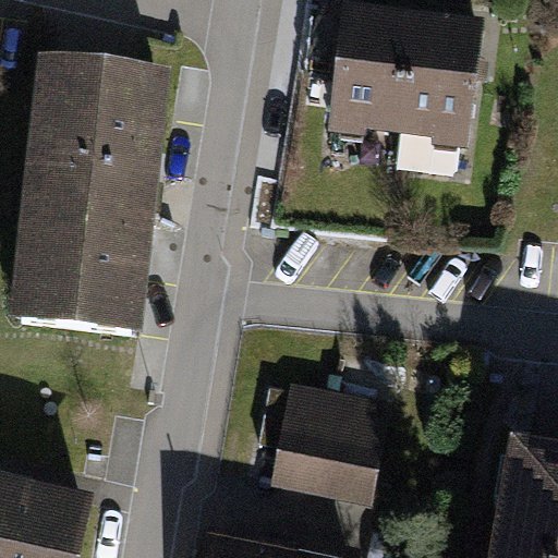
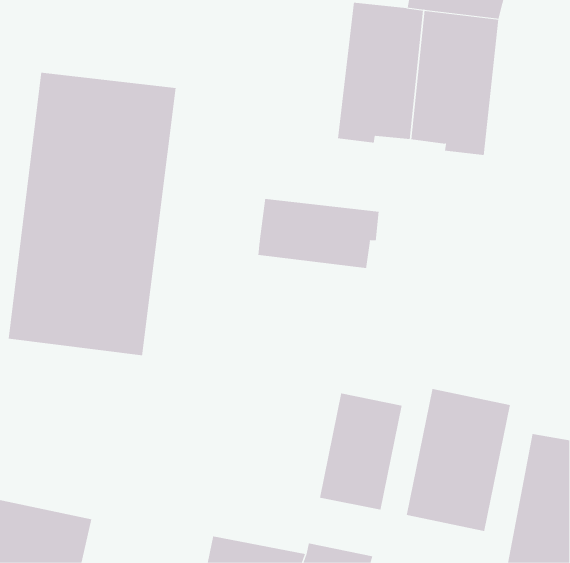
building: none -> [258,198,379,269]
building: [256,372,330,482] -> none
building: none -> [406,388,510,532]

